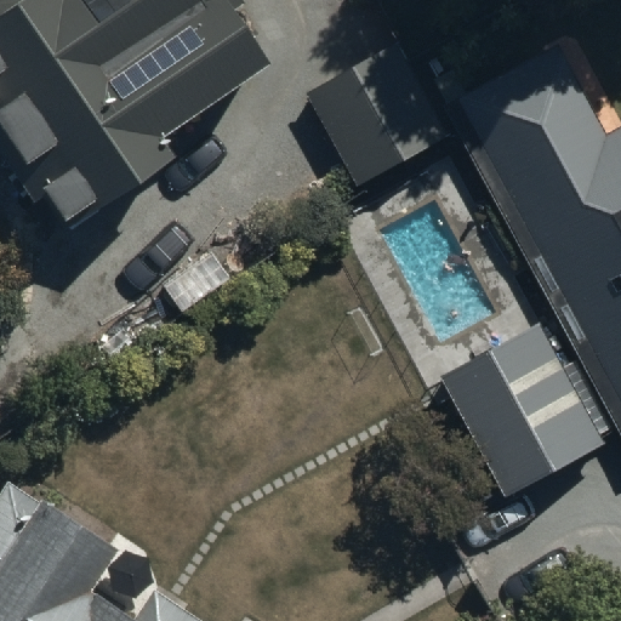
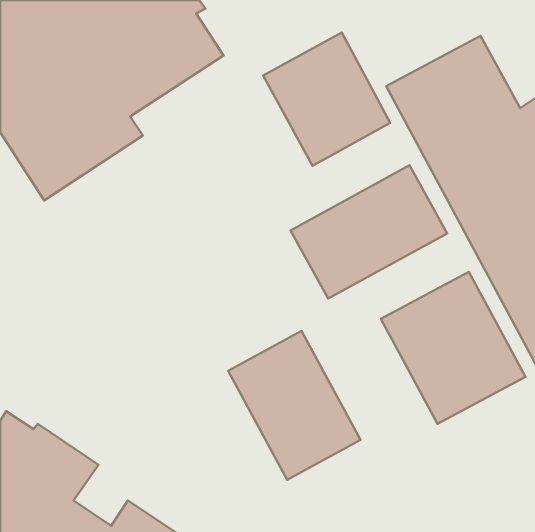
building: none -> [290,165,447,299]
building: none -> [228,331,360,480]

